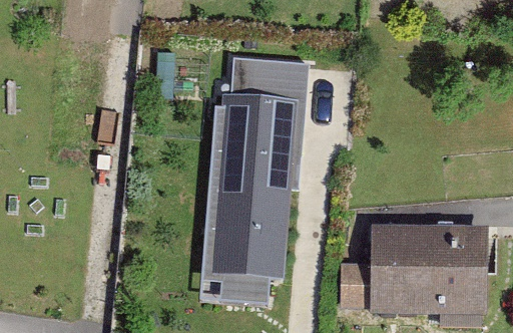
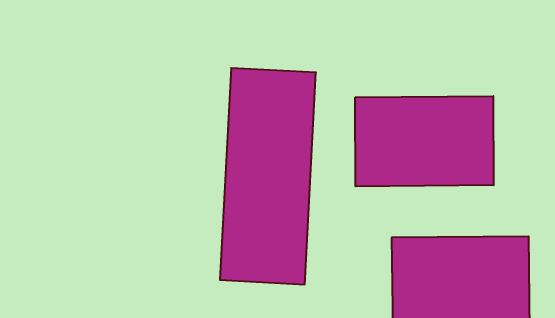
building: none -> [355,96,494,186]

